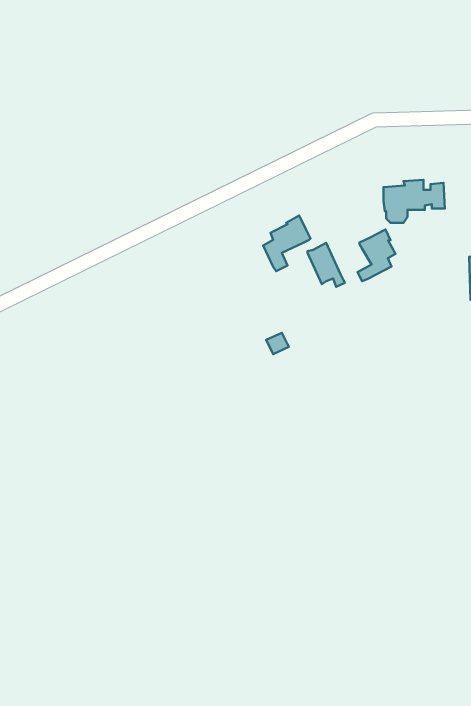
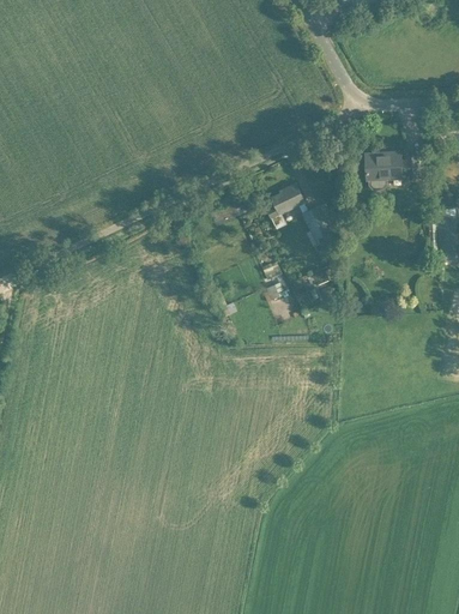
building: [357,230,395,281] -> none

